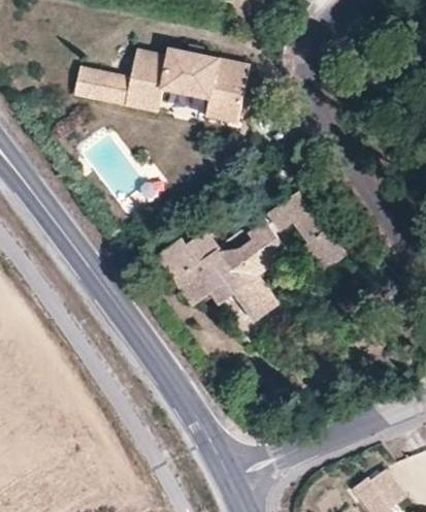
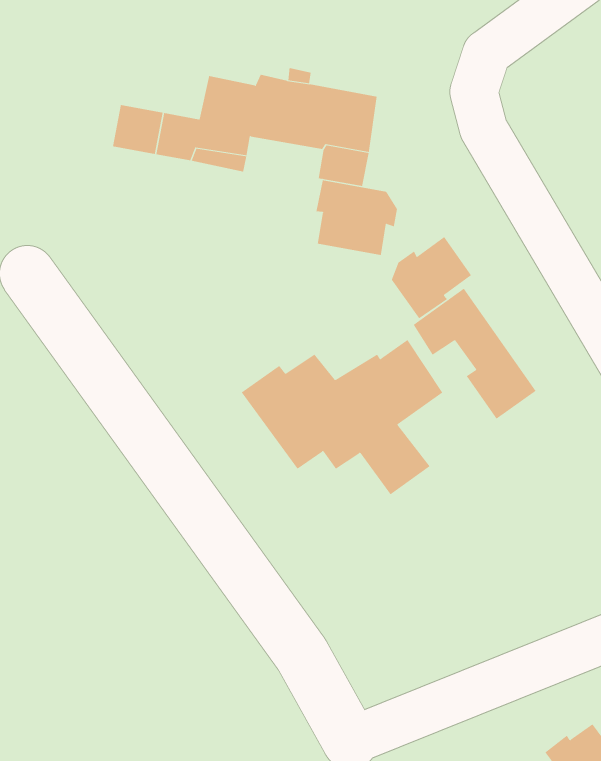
building: none -> [316,179,398,256]
building: none -> [391,236,472,319]

